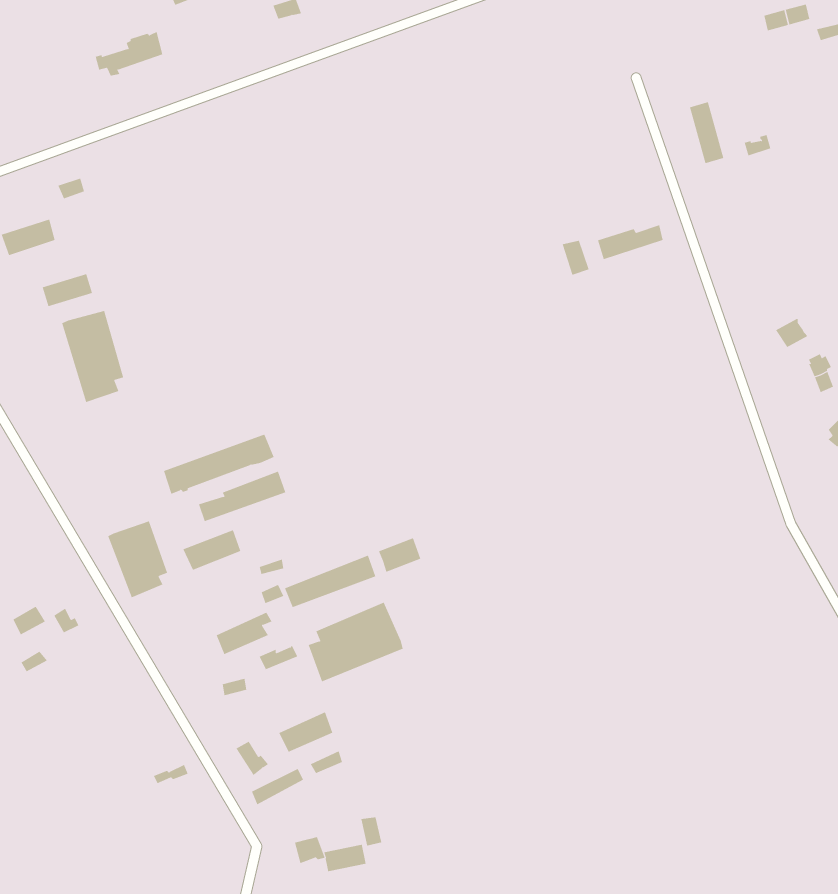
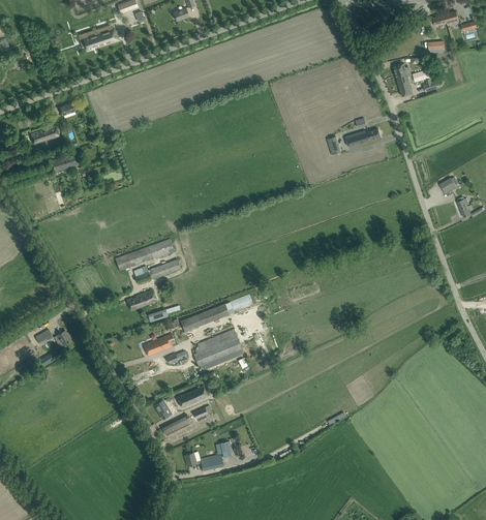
building: [62,310,124,403] -> none
building: [107,520,168,598] -> none

